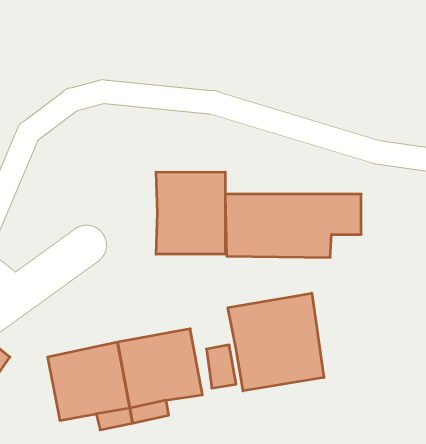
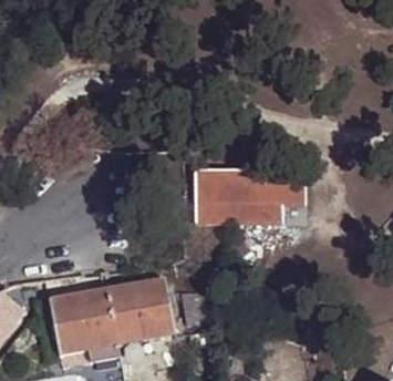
building: [156,172,225,254] -> none
building: [228,293,324,391] -> none

